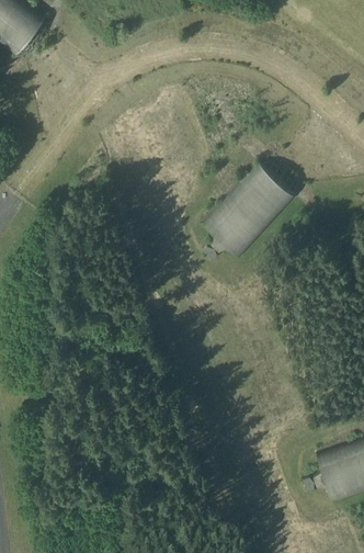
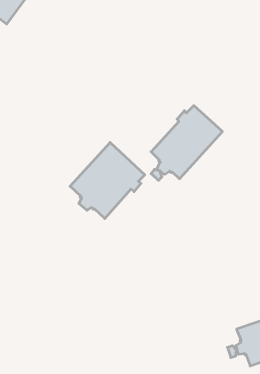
building: none -> [70,142,145,219]

